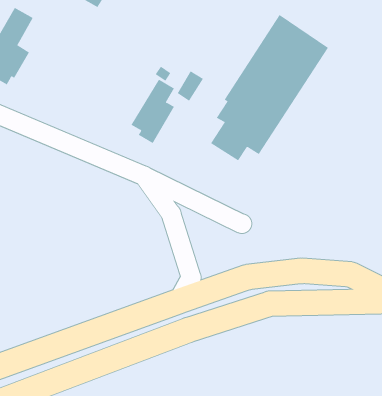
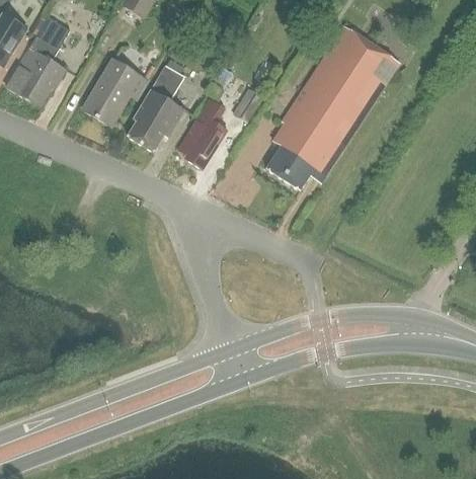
building: none -> [128,58,184,150]
building: none -> [83,59,146,126]

